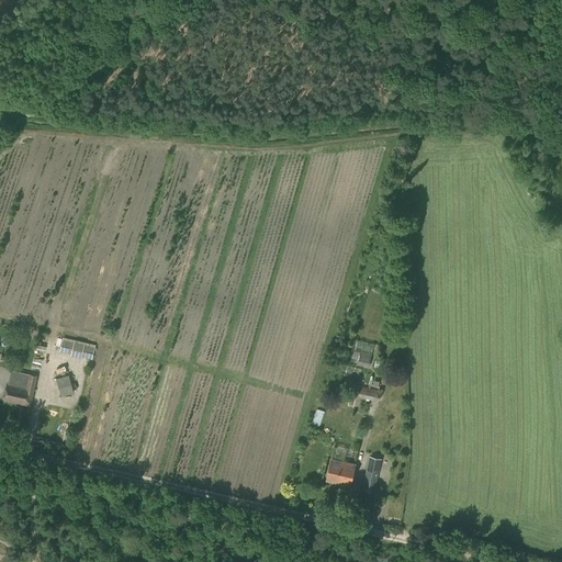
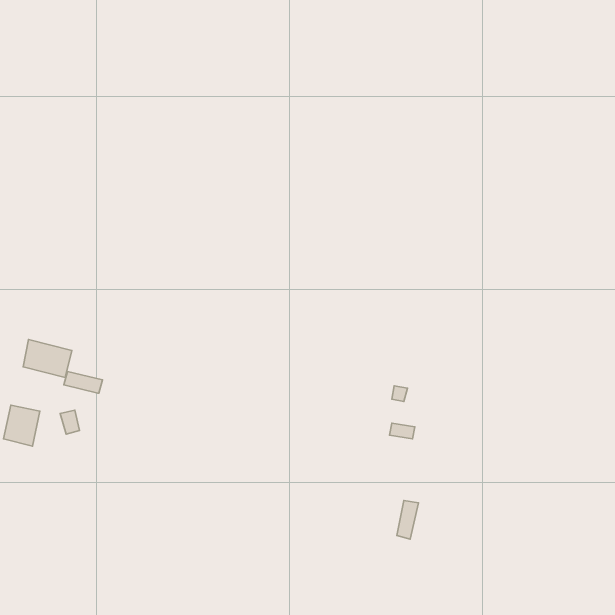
building: none -> [23,340,72,377]
building: [326,458,355,484] -> none

